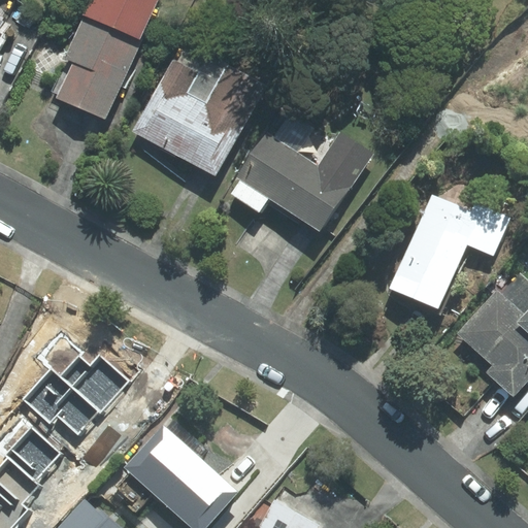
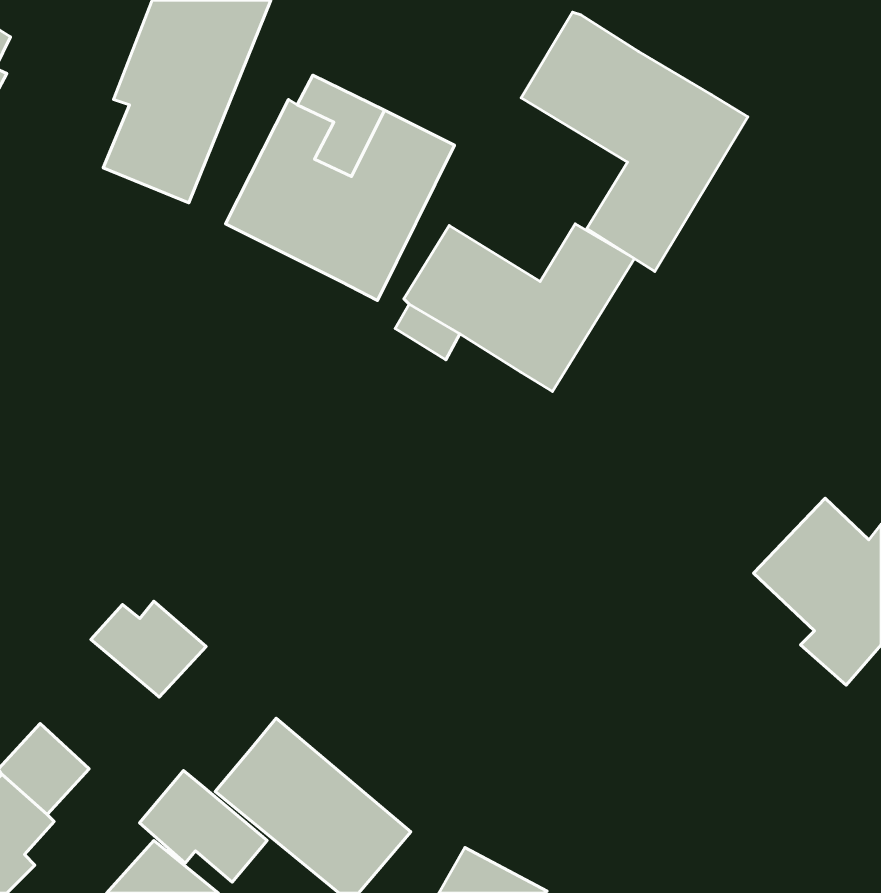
building: none -> [521,12,748,271]
building: [374,188,499,318] -> none
building: [16,368,92,434] -> [140,770,267,882]

